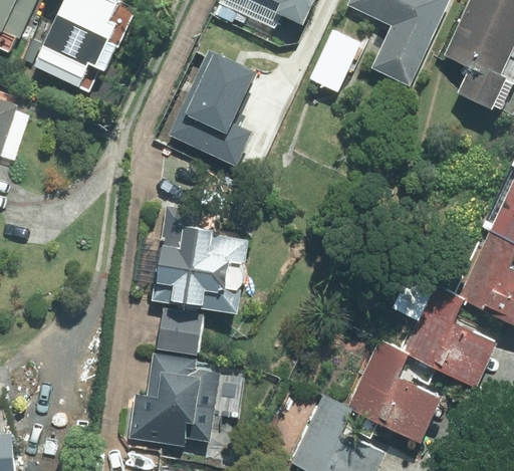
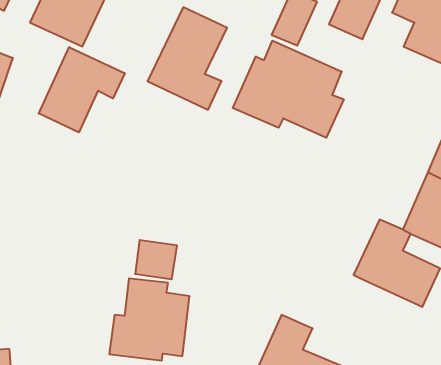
building: none -> [233,41,344,138]
building: none -> [39,47,125,132]
building: [153,208,251,312] -> none
building: [345,338,444,442] -> none

